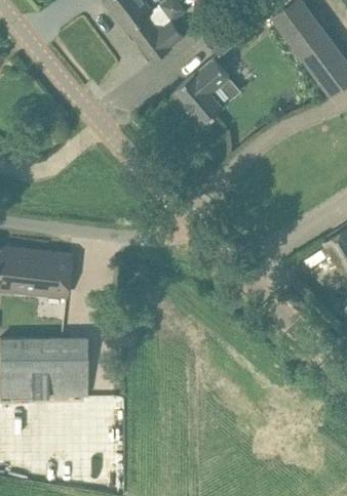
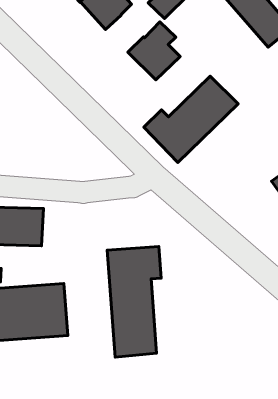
building: none -> [144,76,238,162]
building: none -> [107,246,161,357]

